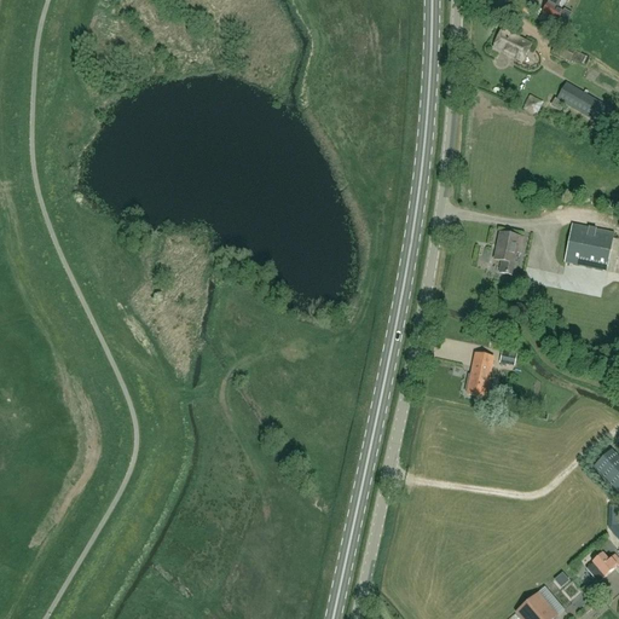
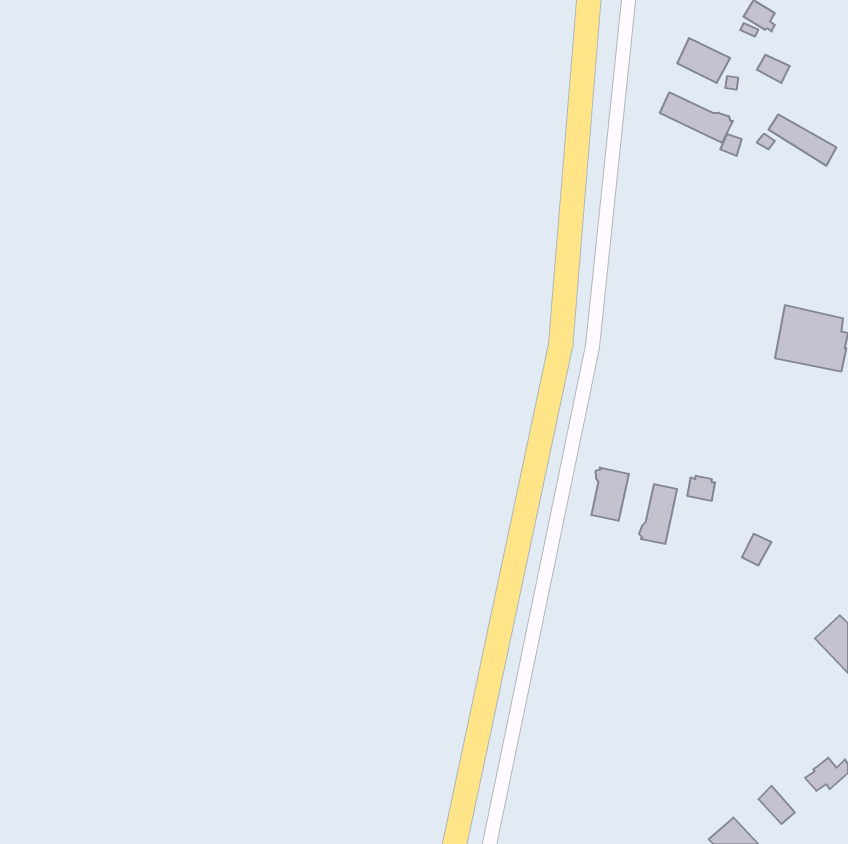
building: none -> [660,92,733,143]
building: [494,232,523,274] -> none
building: none -> [592,467,629,521]

